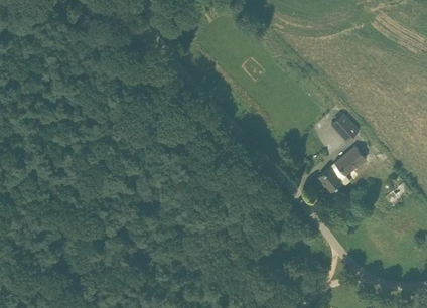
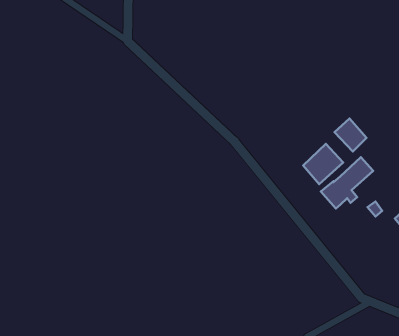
building: none -> [303,144,343,184]

